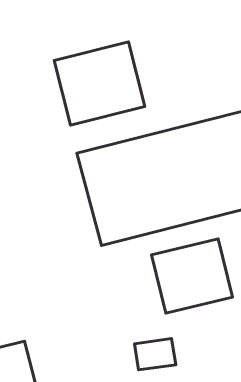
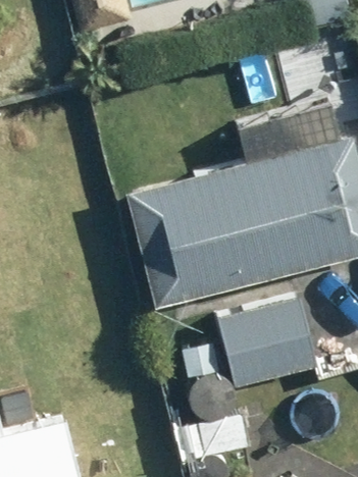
building: [54,42,145,125] -> none

